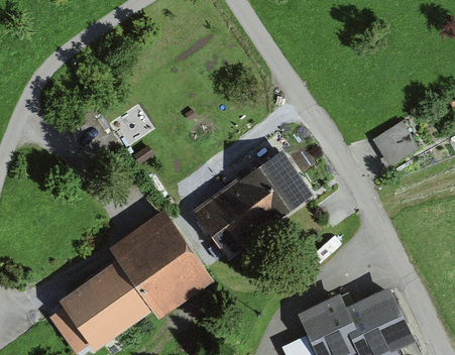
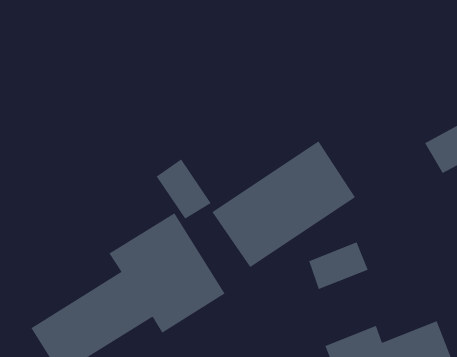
building: none -> [156,158,211,219]
building: none -> [309,242,369,290]

